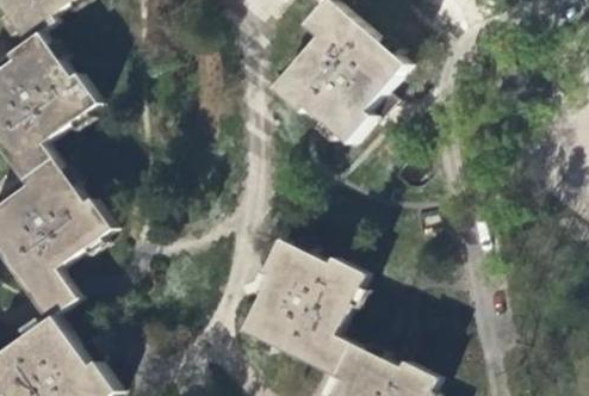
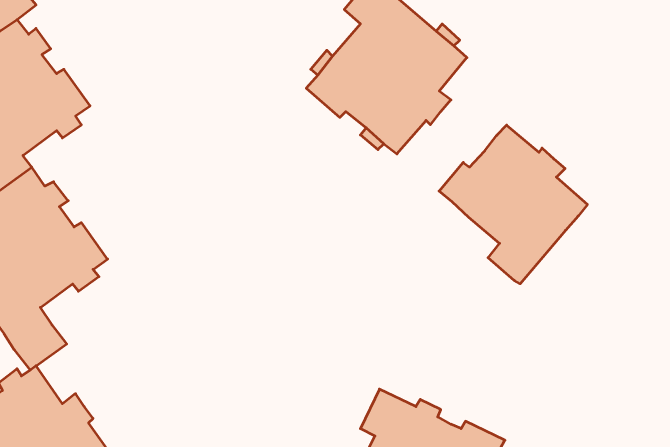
building: none -> [439,125,587,284]
building: [242,240,364,367] -> none

